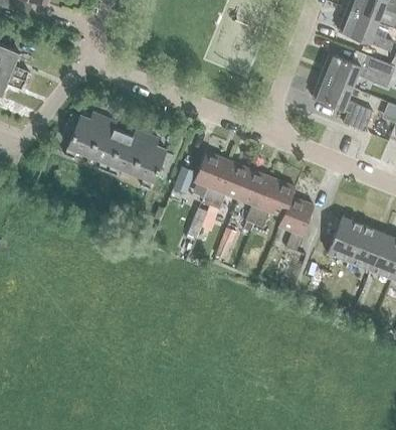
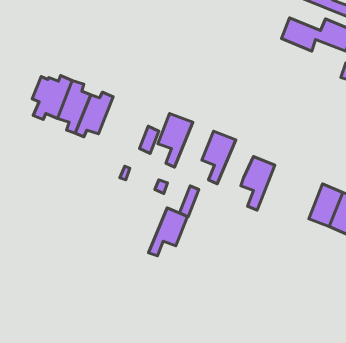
building: [313,75,372,131] -> none
building: [133,135,175,190] -> none
building: [211,161,251,210] -> [149,208,188,256]
building: [255,179,295,228] -> none
building: [329,217,364,261] -> none

